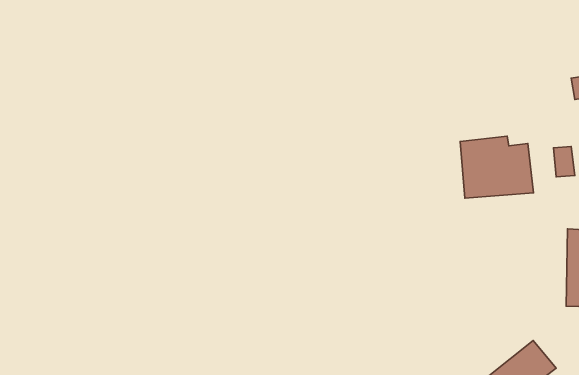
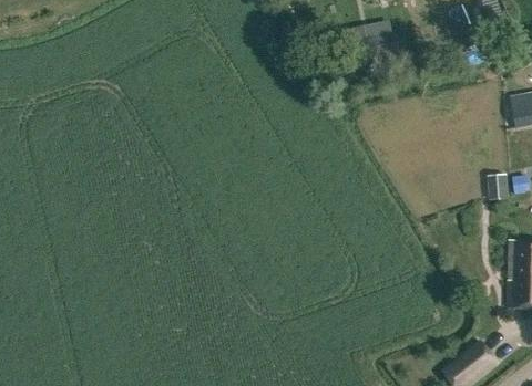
building: [460,136,533,198] -> none

